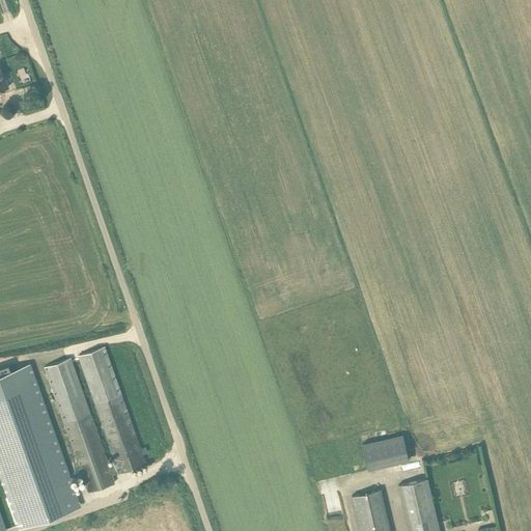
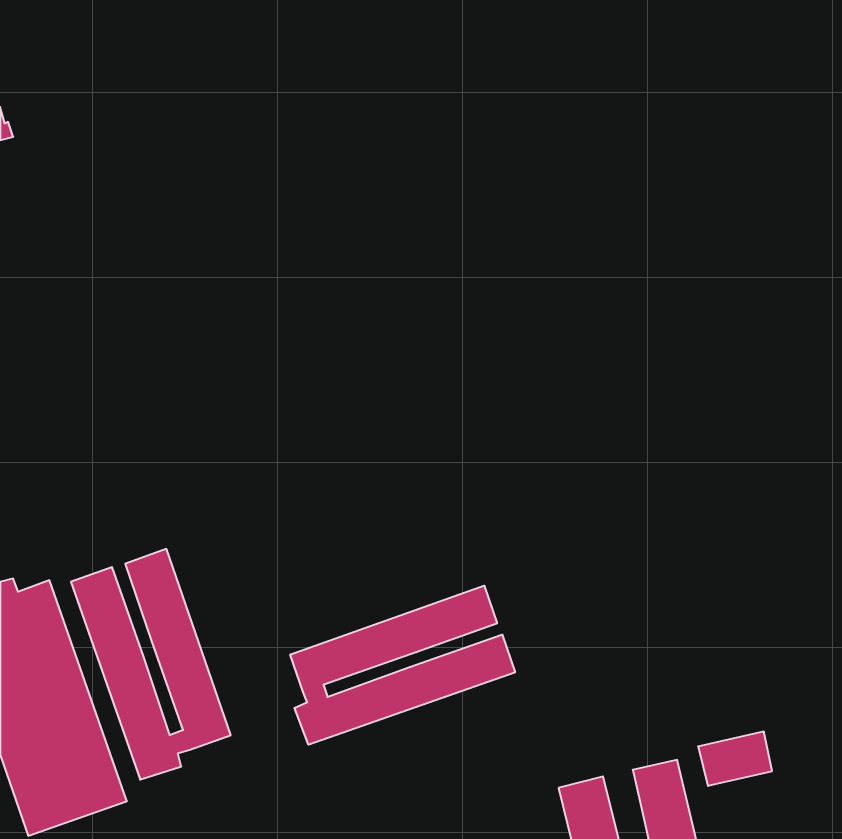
building: none -> [290,586,515,745]
building: [362,437,409,471] -> [698,732,772,786]

